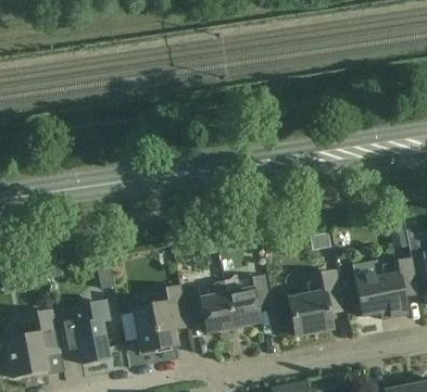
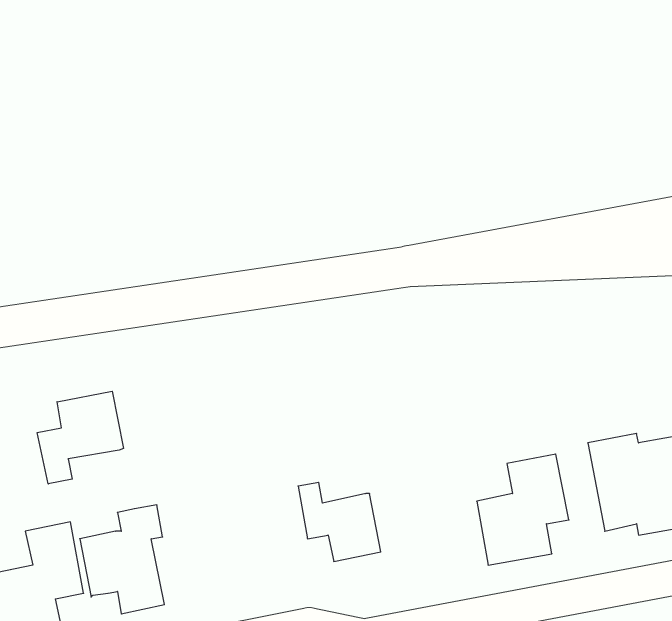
building: none -> [37,391,123,484]
building: [222,275,268,327] -> none
building: [133,286,186,351] -> none

